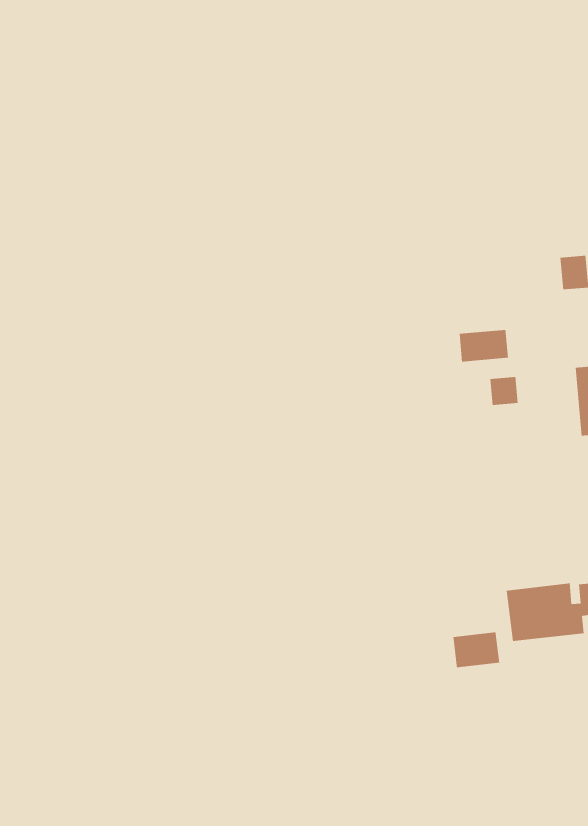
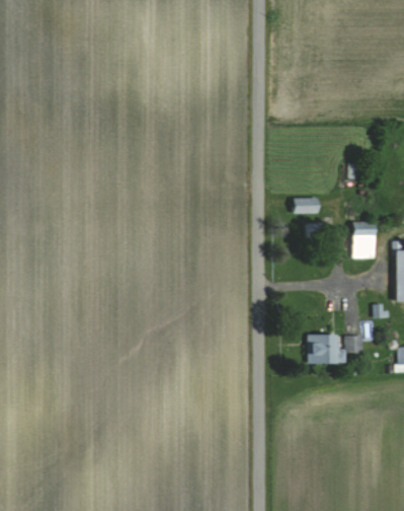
building: [453,631,500,668] -> none

